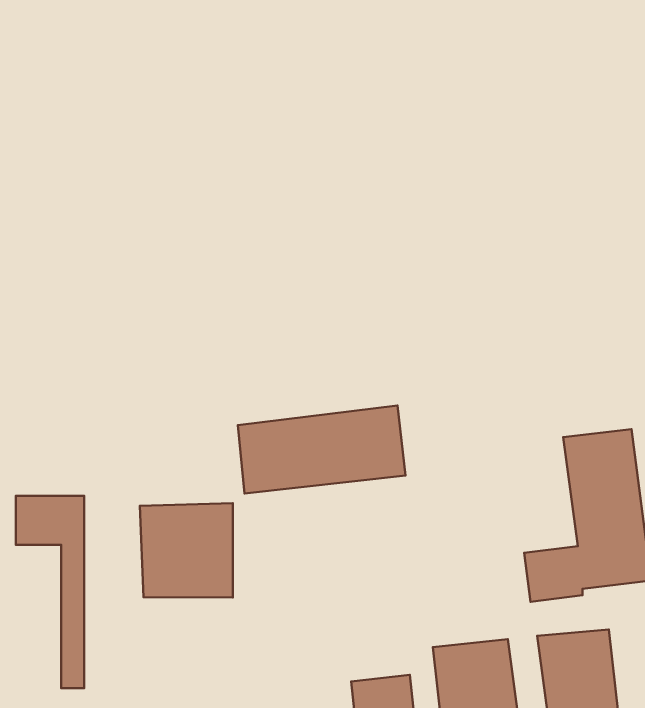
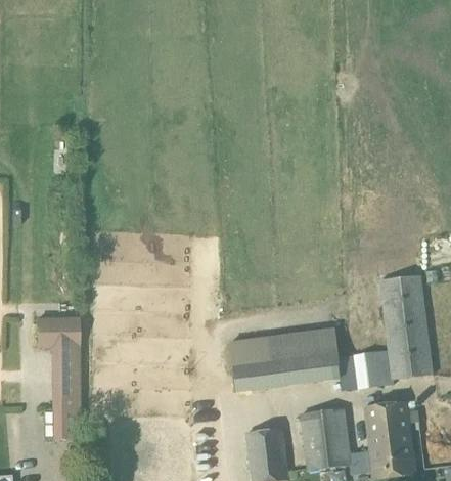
building: [238,406,406,494] -> [230,333,335,388]
building: [140,503,233,598] -> none

